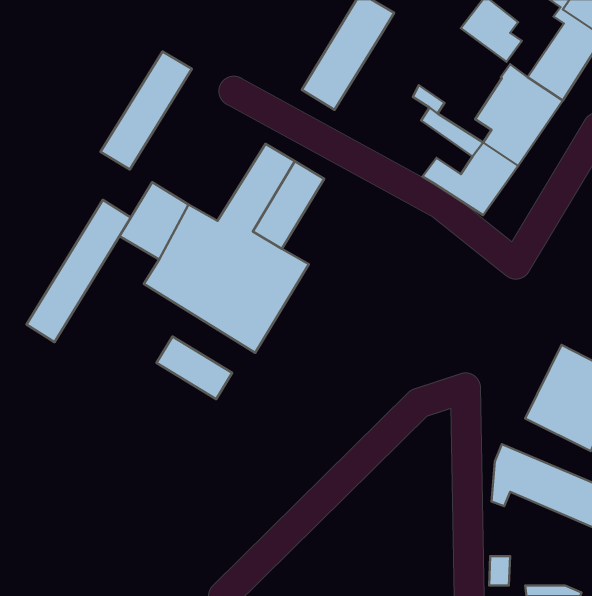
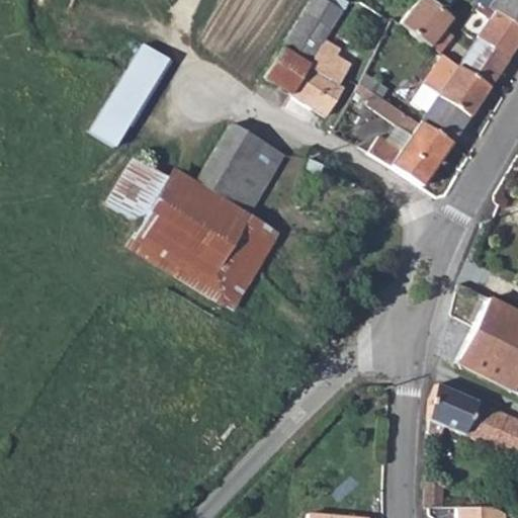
building: none -> [294,29,353,115]
building: [27,200,131,342] -> none
building: [156,337,232,399] -> none

